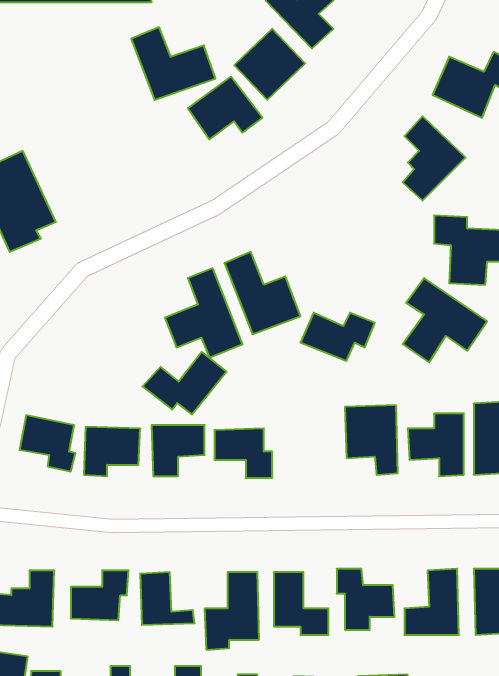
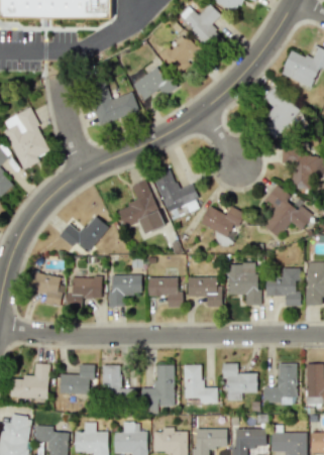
building: [131,27,215,100] -> [88,81,139,125]
building: [142,352,227,415] -> [58,215,109,253]
building: none -> [187,277,222,307]

